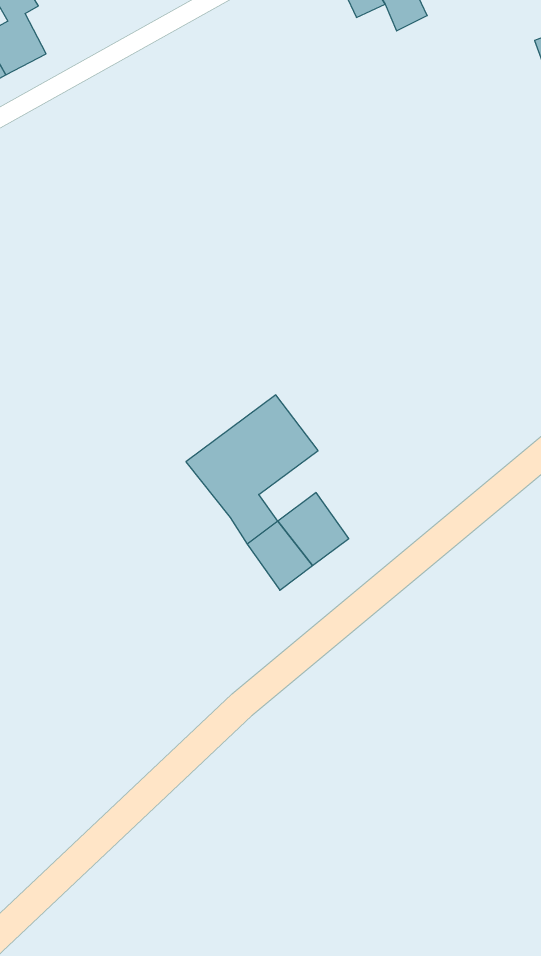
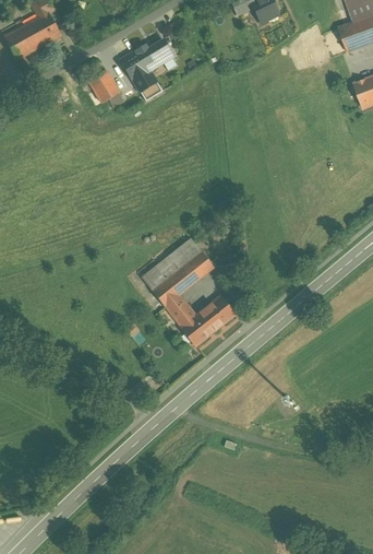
building: none -> [120,40,172,102]
building: none -> [87,70,118,104]

